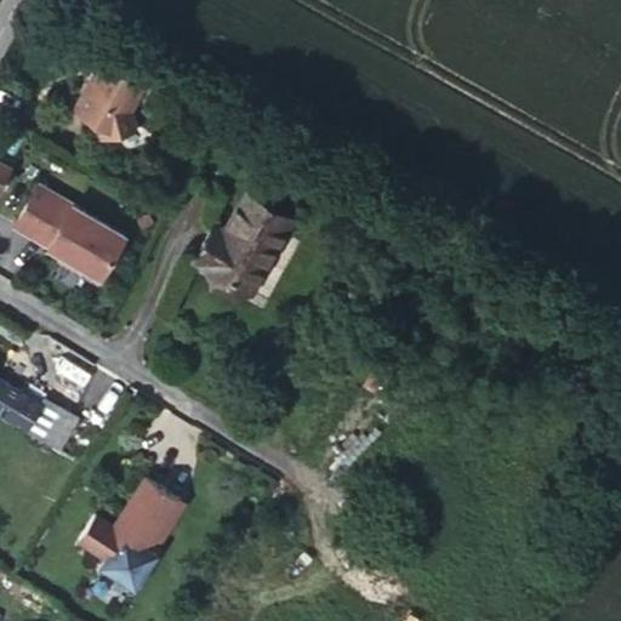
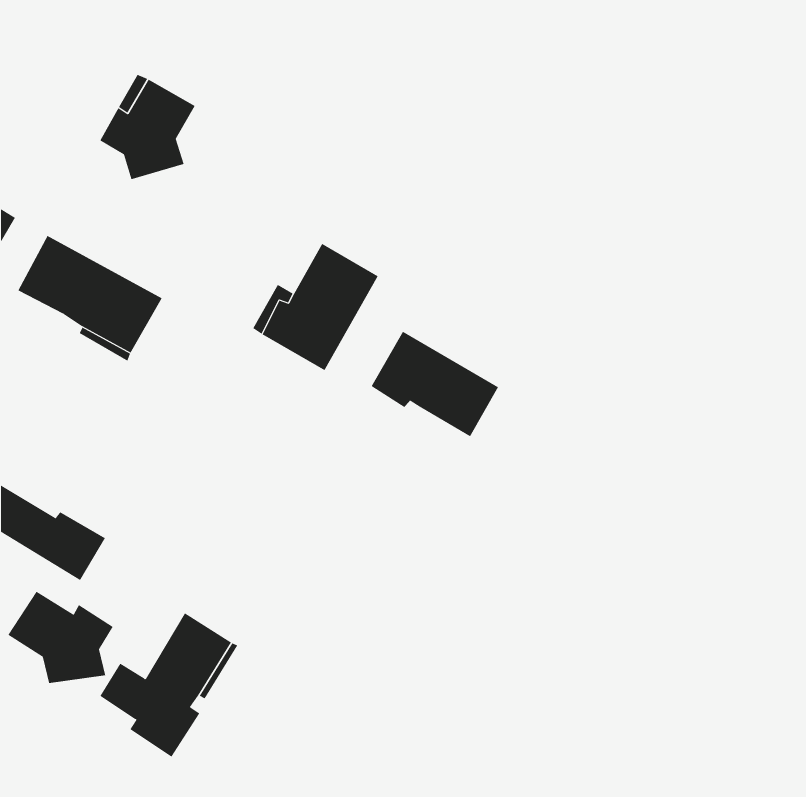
building: none -> [371,331,499,437]
building: none -> [8,591,114,684]

